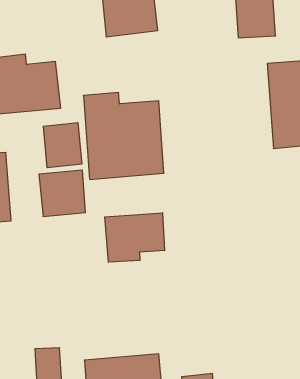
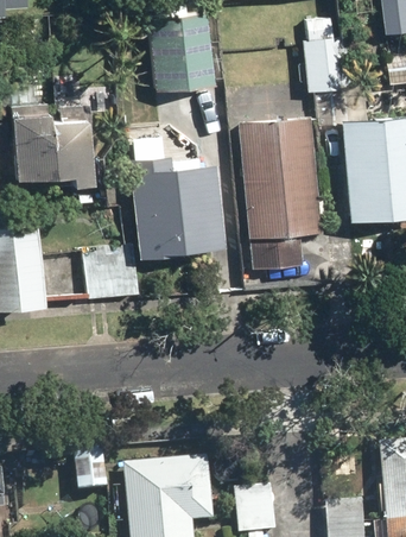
building: none -> [233,121,316,273]
building: [43,123,82,168] -> none
building: [105,213,165,262] -> none

